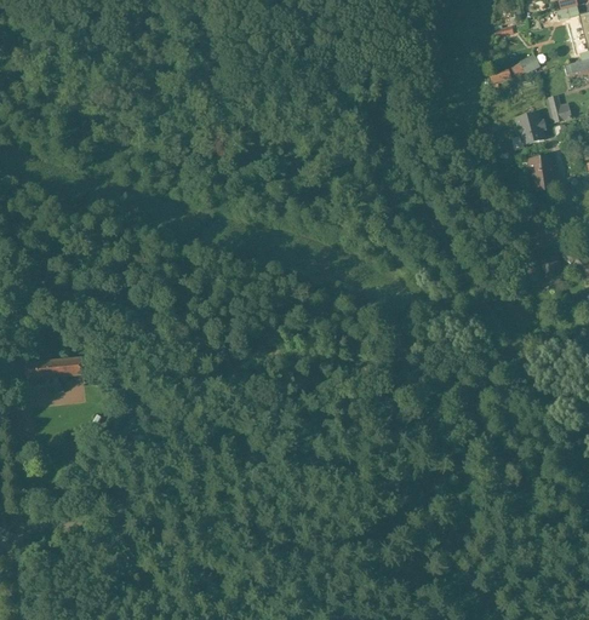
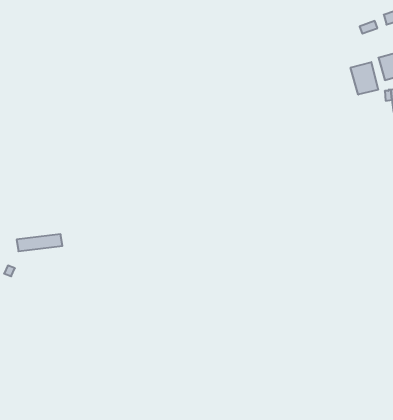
building: none -> [351,62,378,95]

